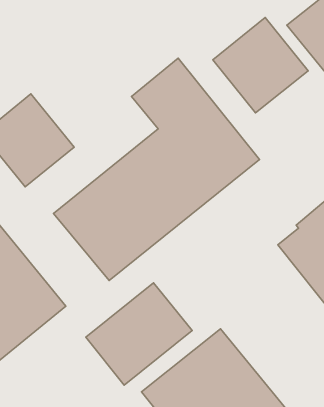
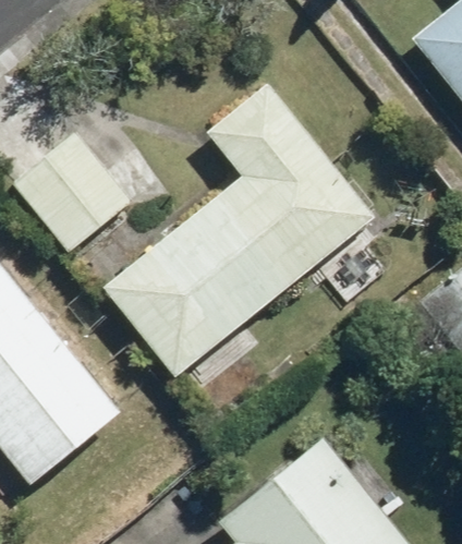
building: [213,18,308,113] -> none
building: [86,283,192,385] -> none

